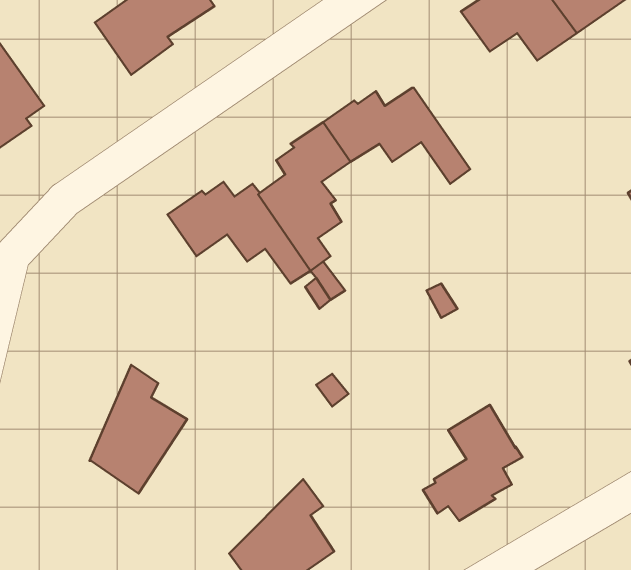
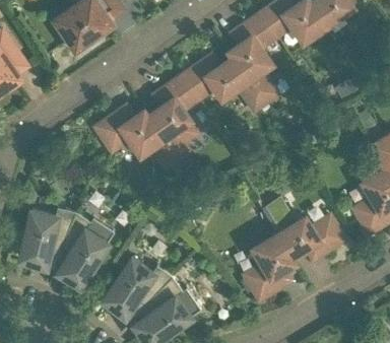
building: none -> [229,13,276,101]
building: none -> [261,198,343,258]
building: none -> [20,207,75,265]
building: none -> [104,258,172,317]

